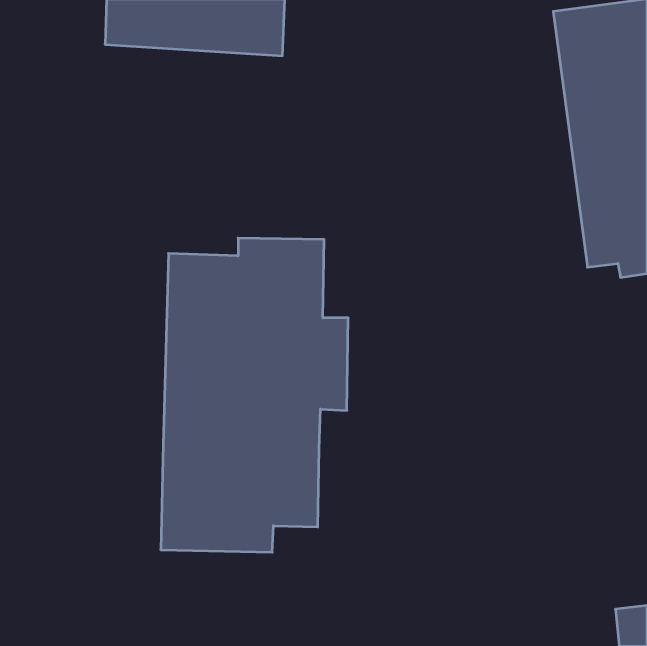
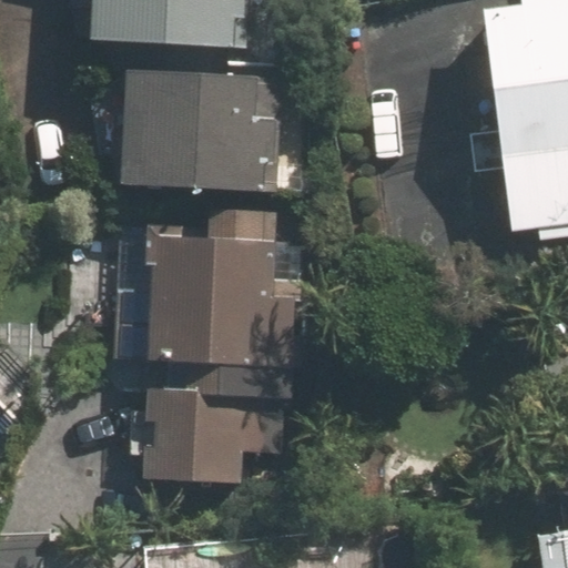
building: none -> [120,70,301,190]

